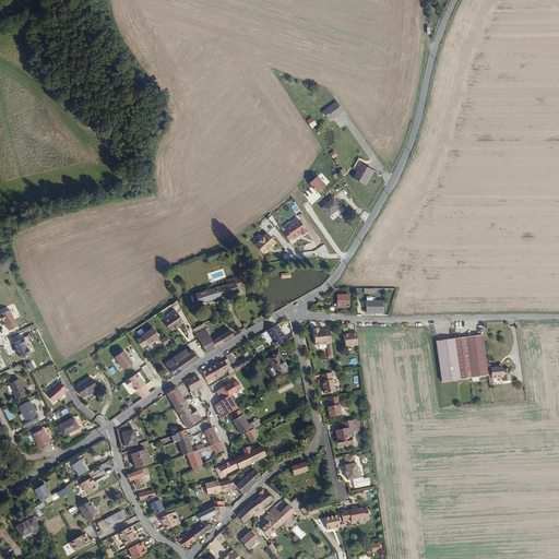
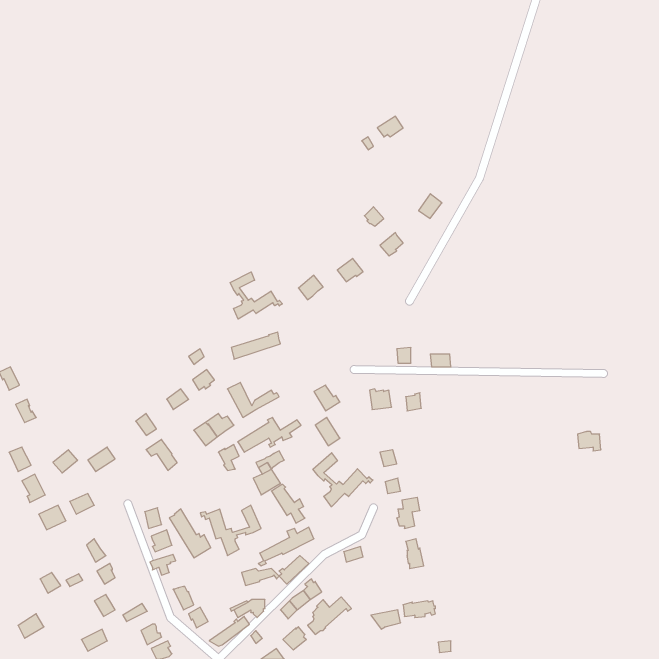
building: none -> [230,272,282,319]
building: [433,335,486,382] -> none
building: none -> [313,453,373,507]
building: [166,386,201,428] -> [169,509,211,558]

